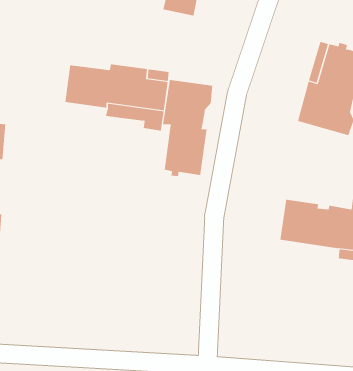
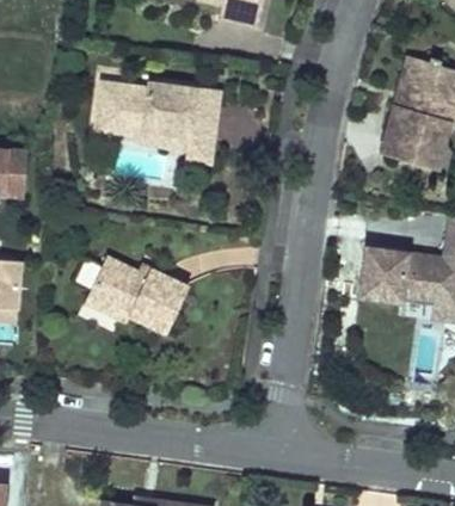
building: [163,79,213,177] -> none
building: none -> [98,261,201,331]

